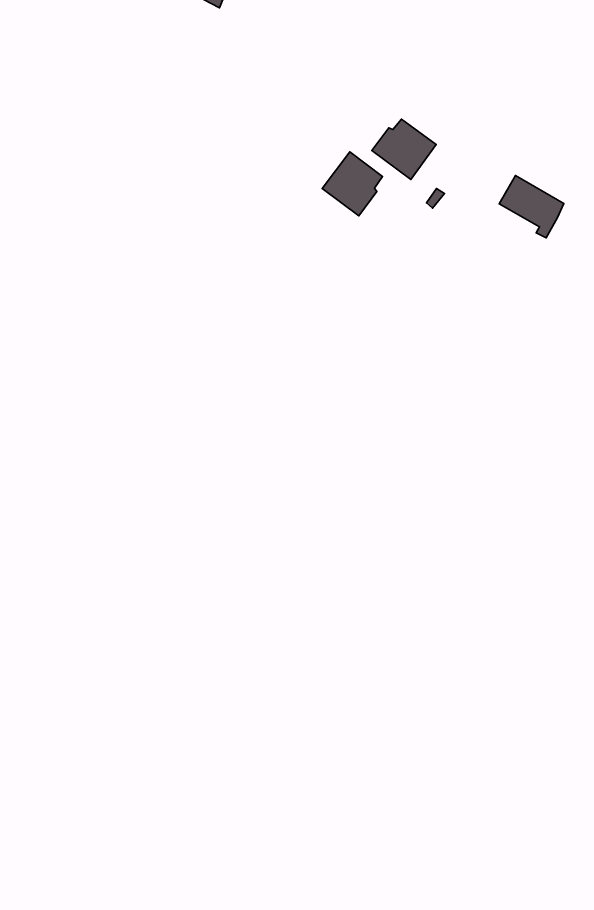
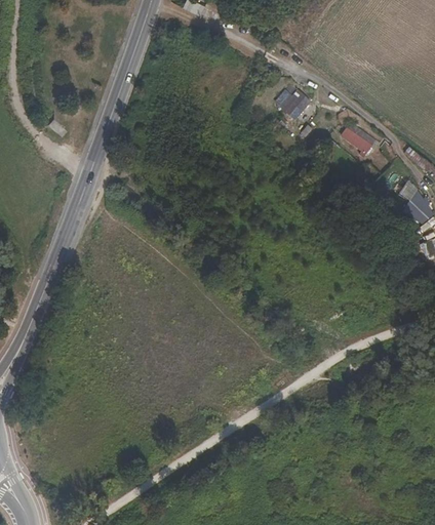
building: [322,152,382,216] -> none

